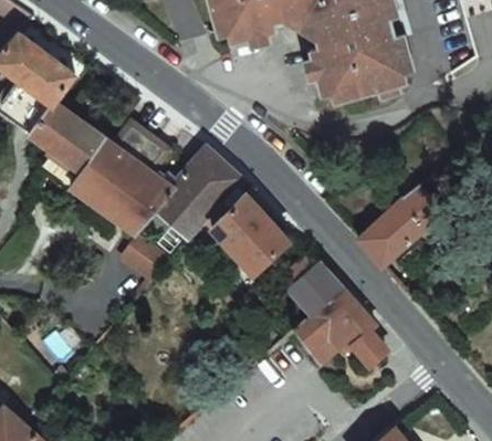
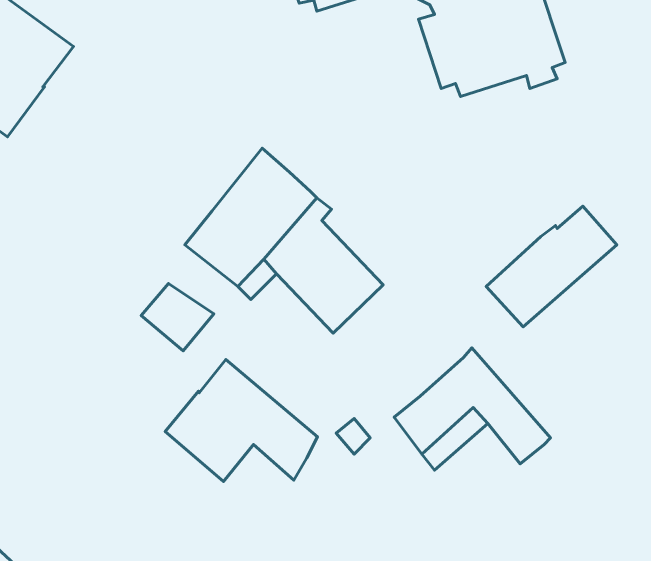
building: [28,101,168,231] -> none
building: [289,253,341,313] -> none
building: none -> [165,359,318,481]

